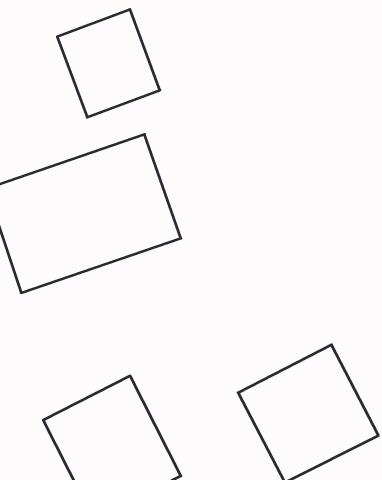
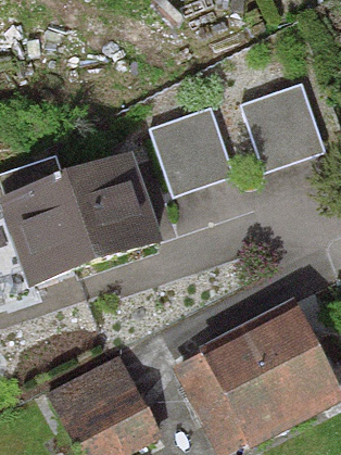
building: [57,9,160,117] -> [148,106,233,197]
building: none -> [240,84,325,173]

